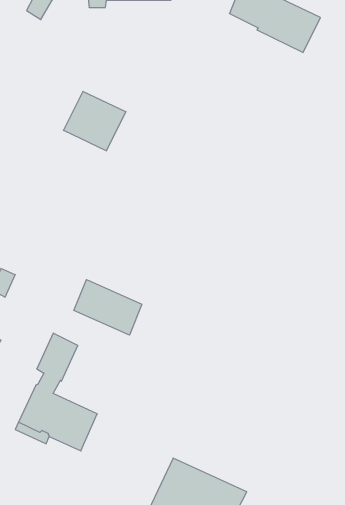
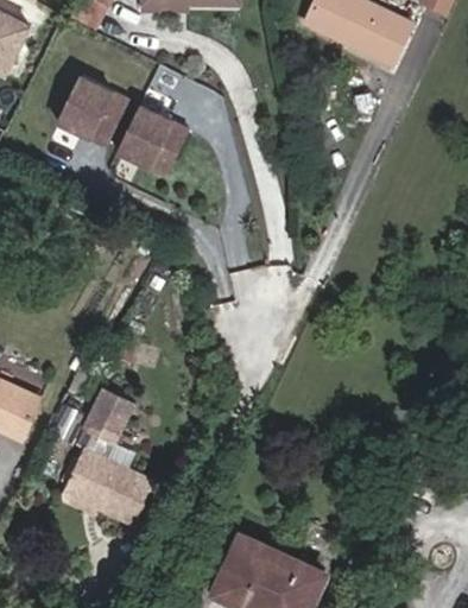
building: none -> [55,77,126,147]
building: [74,280,142,335] -> none

